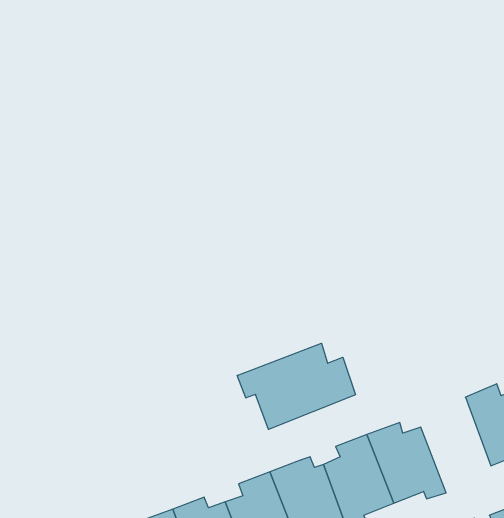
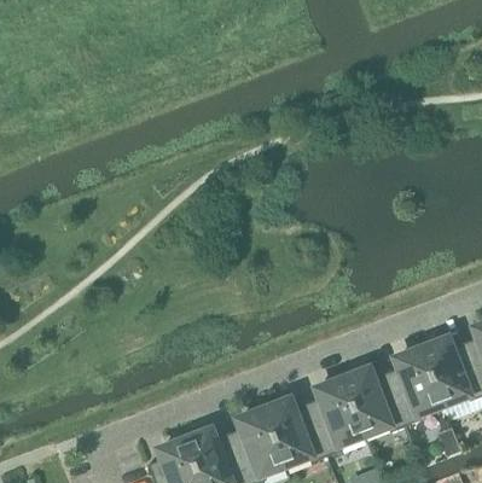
building: [237,343,355,429] -> none
building: none -> [384,347,441,424]

